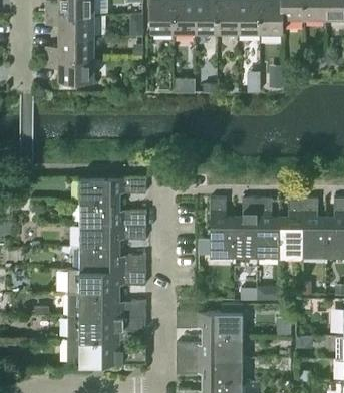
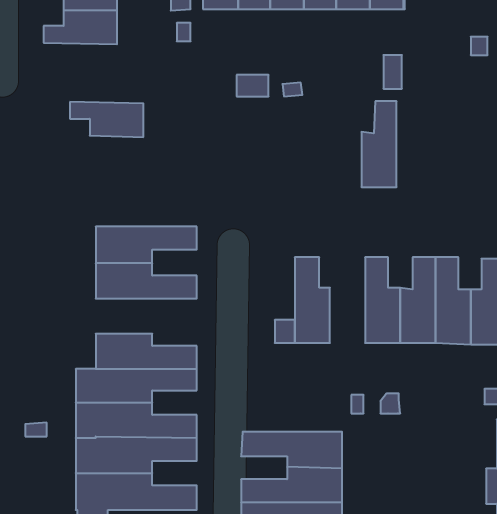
building: [46,58,94,81] -> [70,102,143,137]
building: [234,199,257,255] -> [361,101,397,187]
building: [80,226,146,249] -> none

